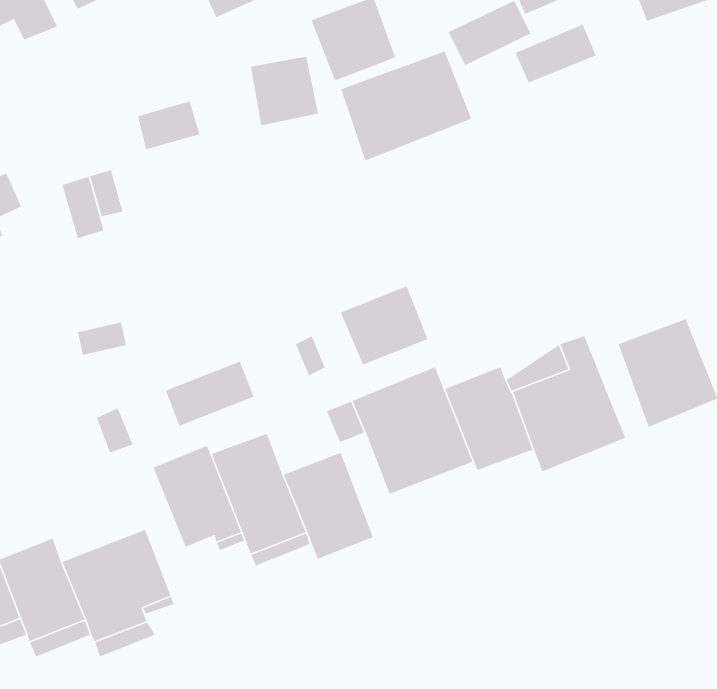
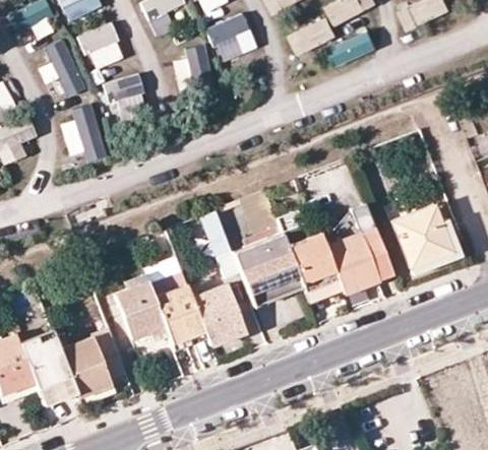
building: none -> [79,22,126,71]
building: none -> [38,39,85,98]
building: [340,50,472,162] -> none
building: [340,285,429,365] -> none
building: [165,361,254,427] -> none

